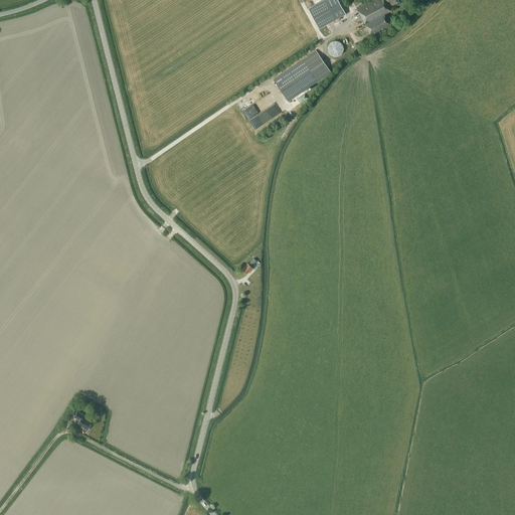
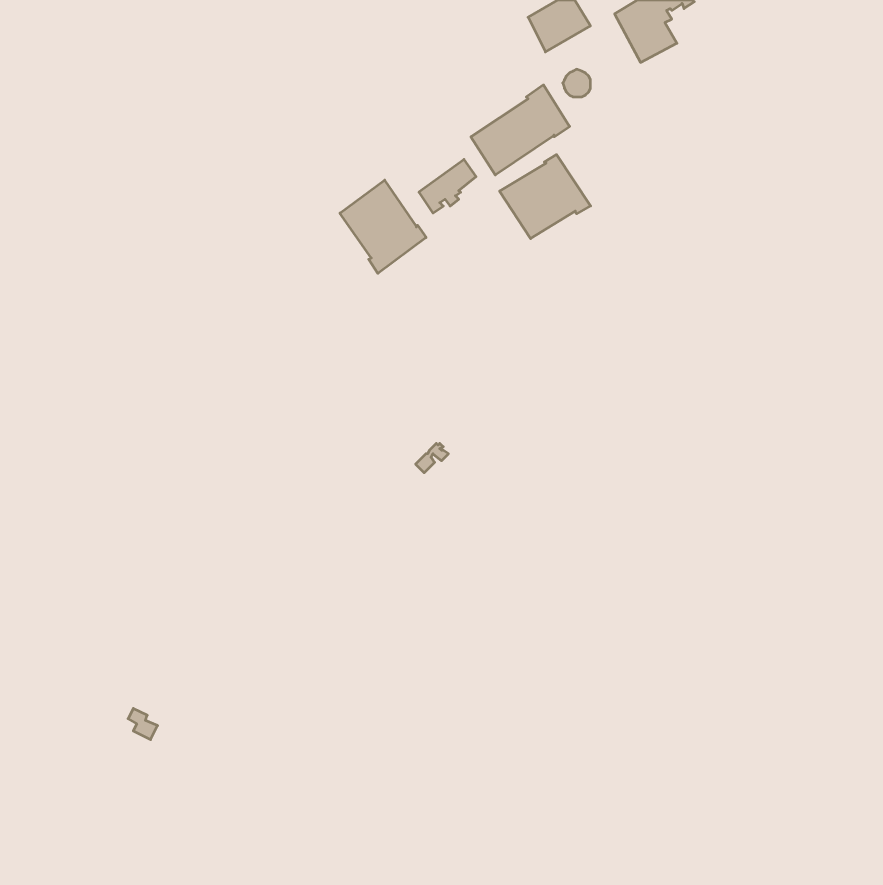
building: none -> [500,155,591,239]
building: none -> [340,180,426,273]

